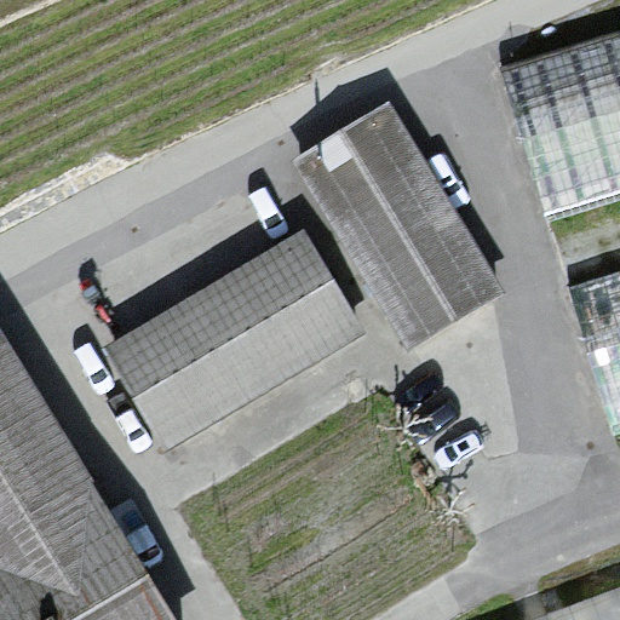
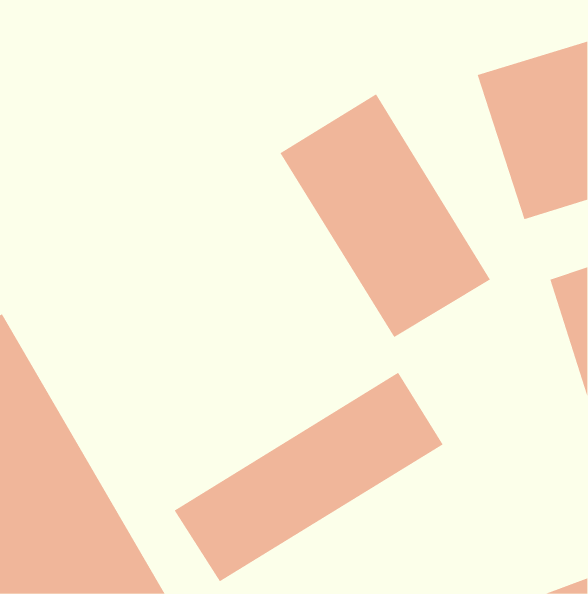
building: [108,229,366,453] -> none
building: none -> [174,372,444,582]

